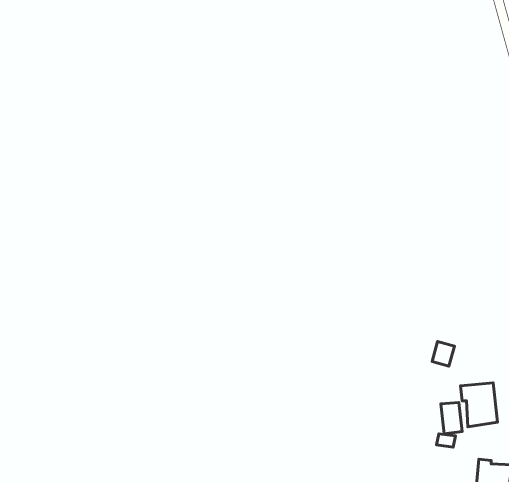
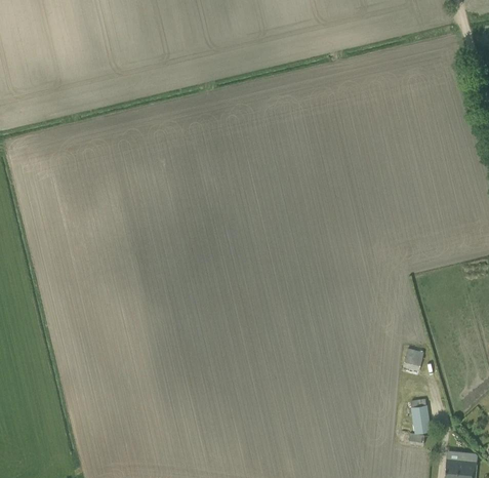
building: [461,383,497,427] -> none

